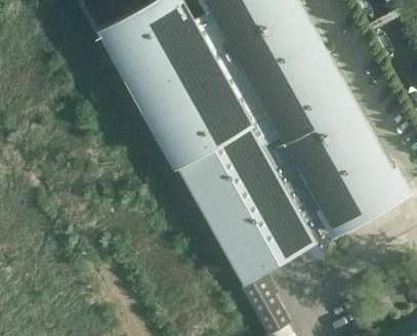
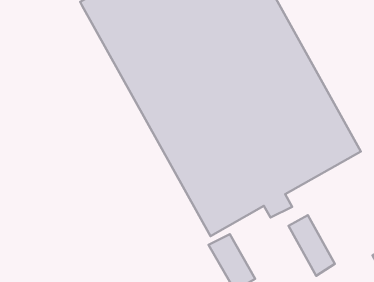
building: none -> [289,215,335,276]

